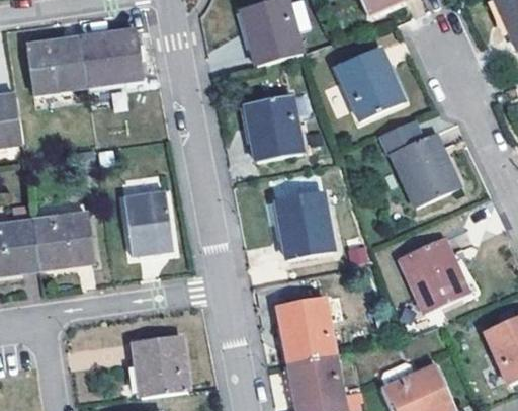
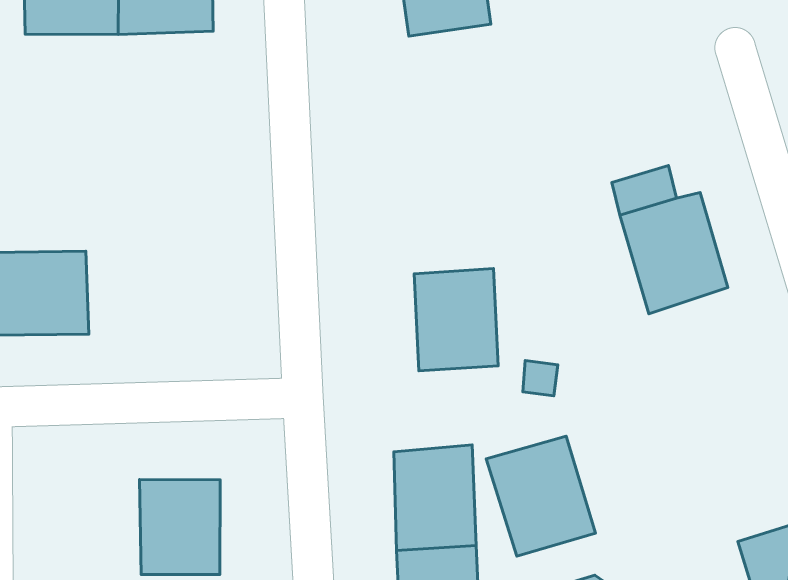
building: [337,48,403,118] -> none
building: [245,96,303,160] -> none
building: [124,192,172,254] -> none
building: [400,239,468,312] -> [486,436,595,556]

